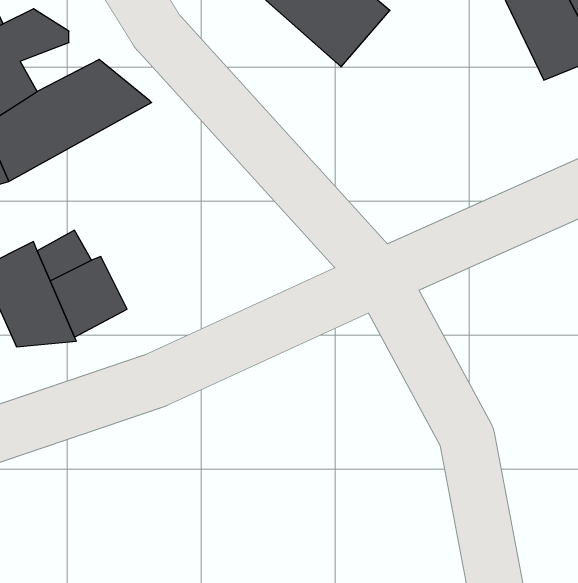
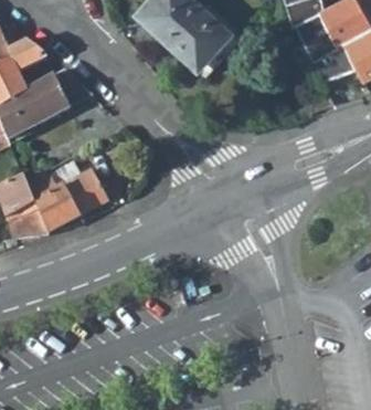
building: none -> [63,169,107,215]

